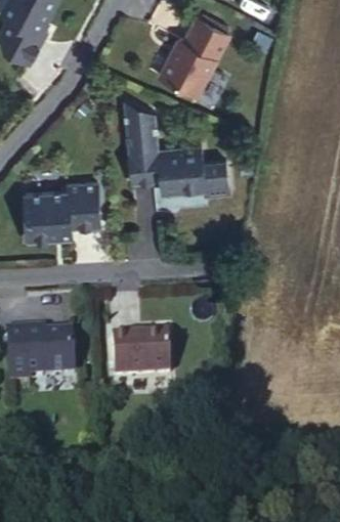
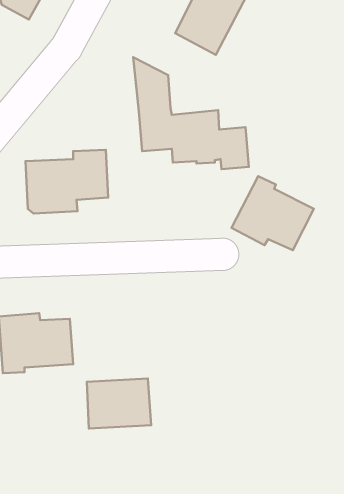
building: none -> [231,176,314,250]
building: [109,333,167,378] -> [87,379,151,428]

